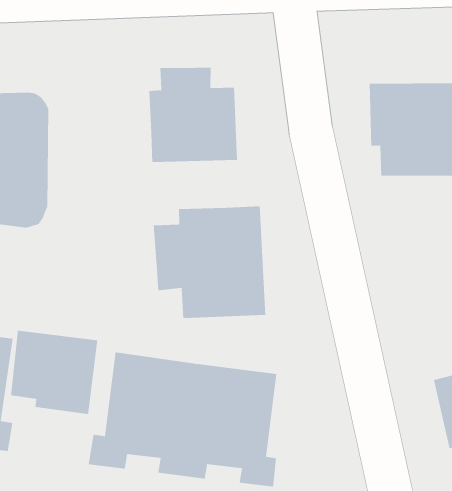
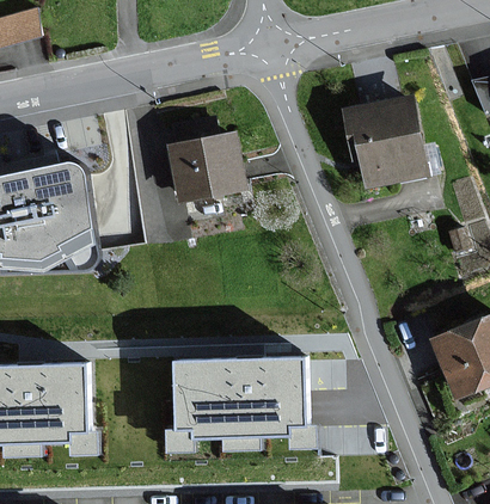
building: [153,205,266,319] -> none
building: [10,330,98,415] -> none

